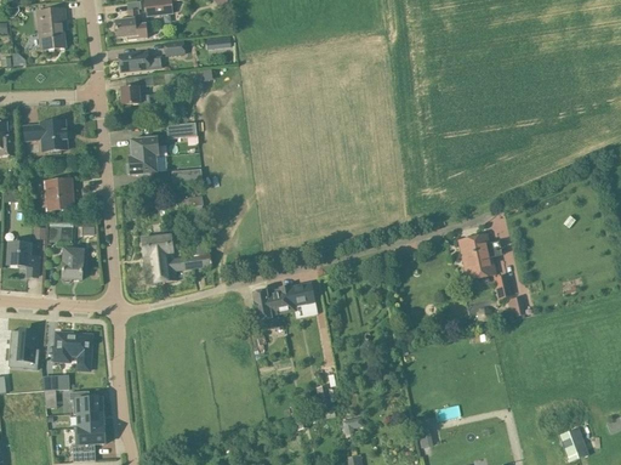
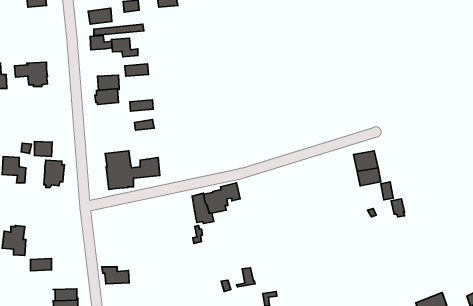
building: none -> [112,38,138,57]
building: [45,178,74,210] -> none
building: [55,333,91,369] -> none
building: [69,391,104,413] -> [102,267,129,284]

